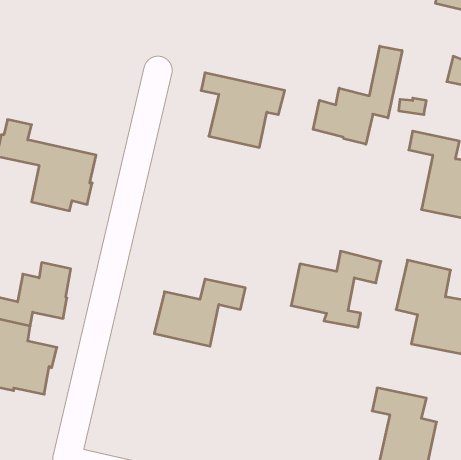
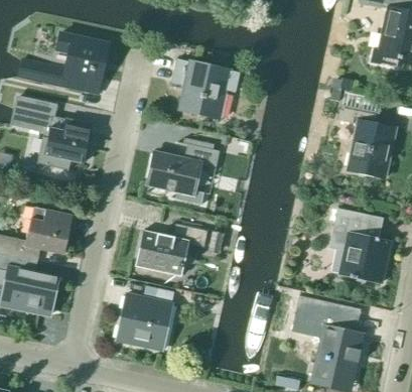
building: none -> [18,33,109,93]
building: [313,46,402,144] -> none
building: [291,251,381,327] -> [148,143,220,204]
building: none -> [115,295,173,349]

